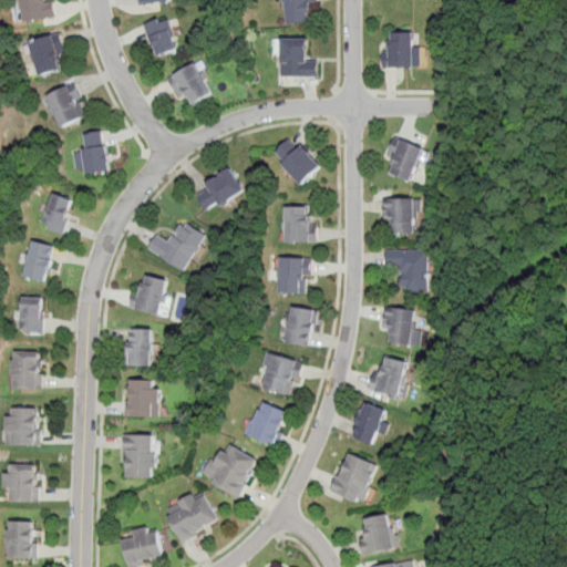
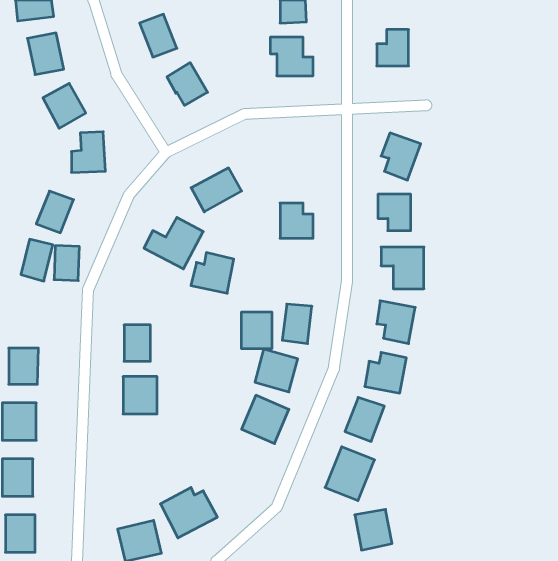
building: [270,135,320,184] -> none
building: [278,256,309,292] -> [241,312,272,348]
building: [127,274,171,315] -> [191,253,234,293]
building: [18,298,43,333] -> [54,246,79,281]
building: [123,434,157,477] -> none
building: [198,443,259,497] -> none

